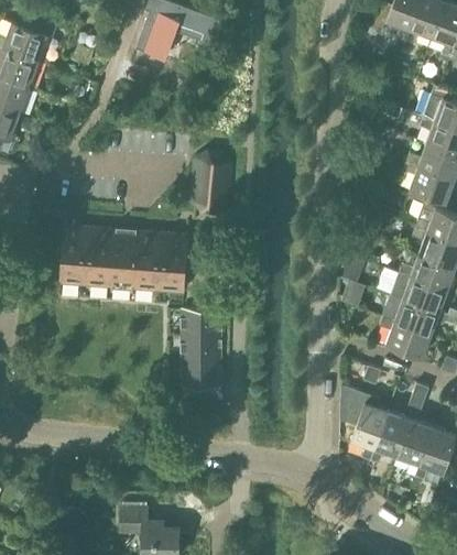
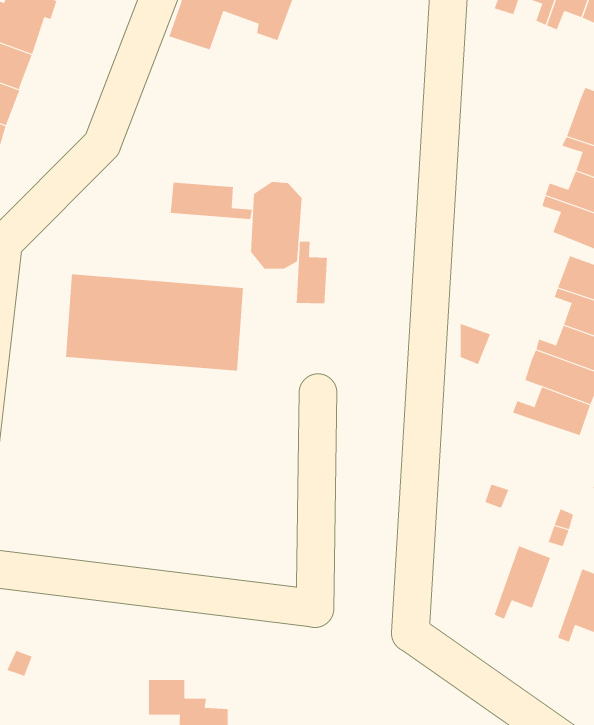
building: none -> [170,182,252,220]
building: none -> [296,241,327,304]
building: [183,313,224,391] -> none
building: [380,318,431,359] -> none
building: [339,388,387,462] -> none
building: [396,422,432,479] -> none

